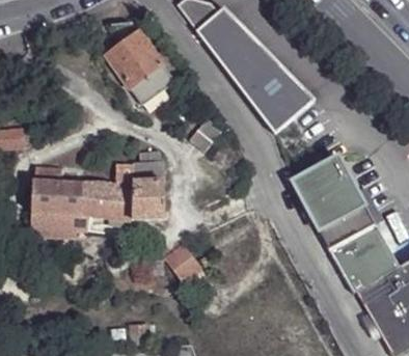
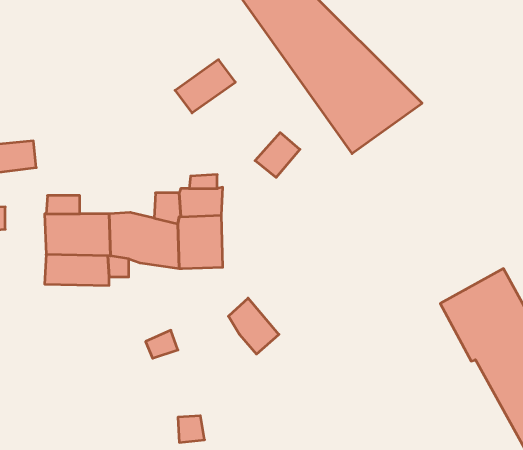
building: [106,32,163,88] -> none
building: [290,153,374,246] -> none

